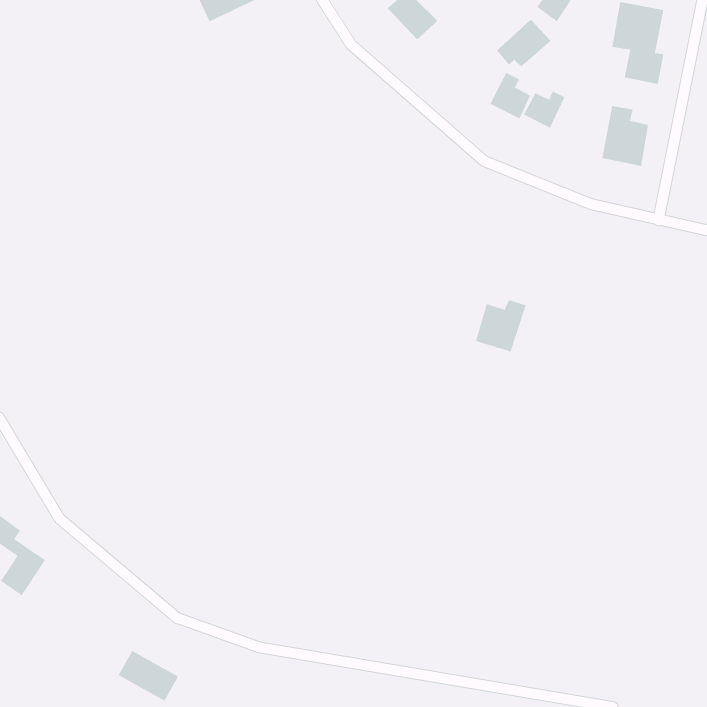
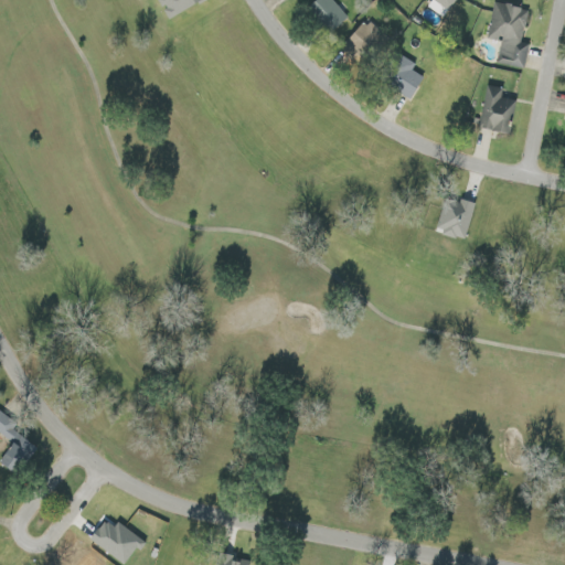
building: [496,19,552,67] -> [341,20,385,58]
building: [523,91,565,128] -> none
building: [475,299,526,352] -> [435,198,476,239]

